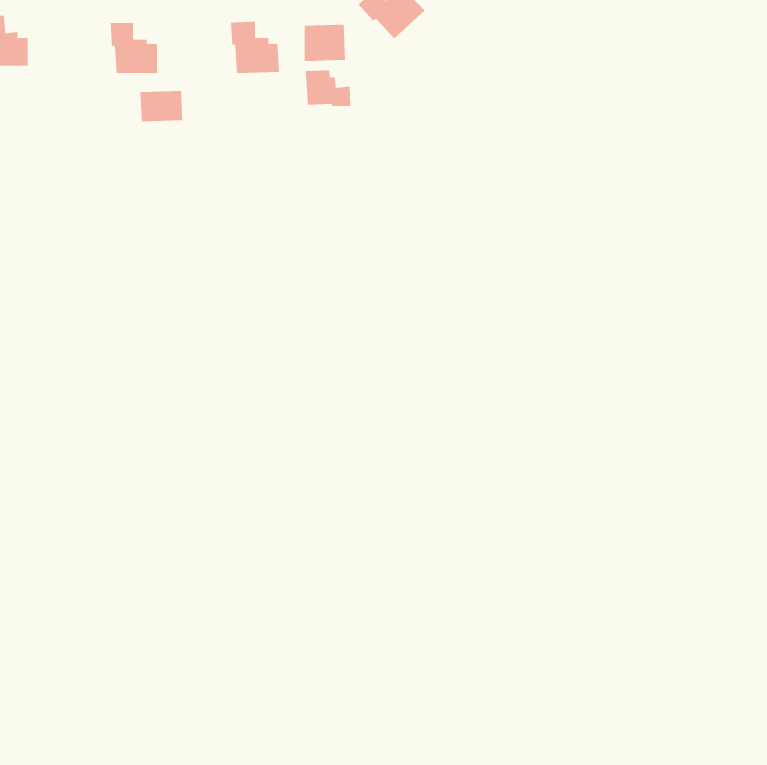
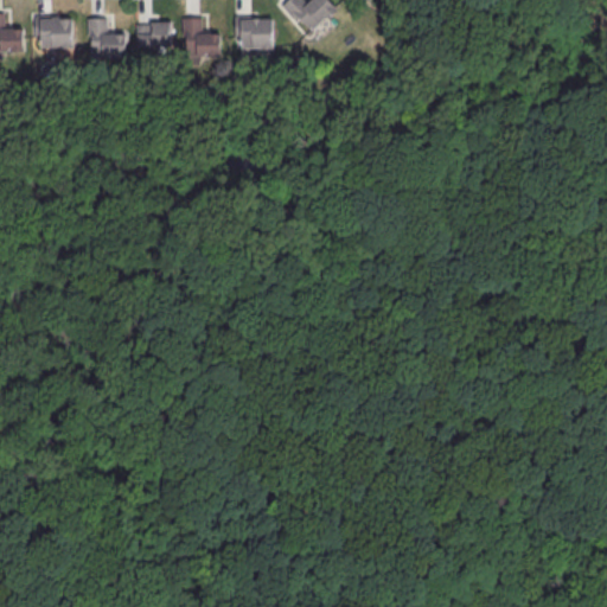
building: none -> [39,19,72,49]
building: [305,70,351,107] -> none
building: [140,90,183,122] -> [136,24,171,49]

